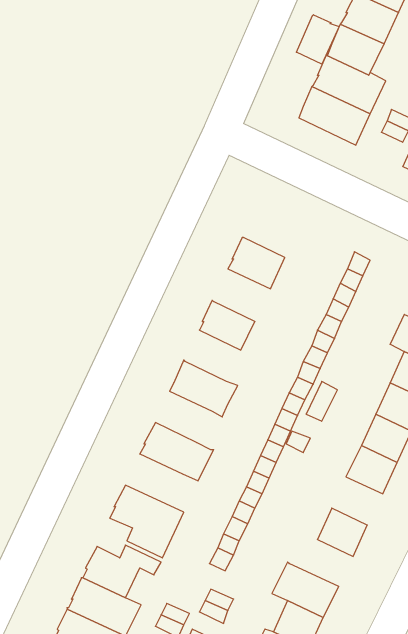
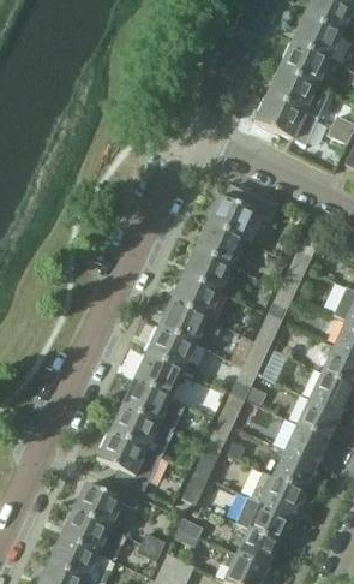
building: [296,15,339,64] -> none
building: none -> [211,184,281,238]
building: none -> [186,248,234,292]
building: none -> [162,299,222,348]
building: none -> [137,351,198,400]
building: none -> [112,404,173,453]
building: none -> [286,423,329,464]
building: none -> [250,470,304,516]

